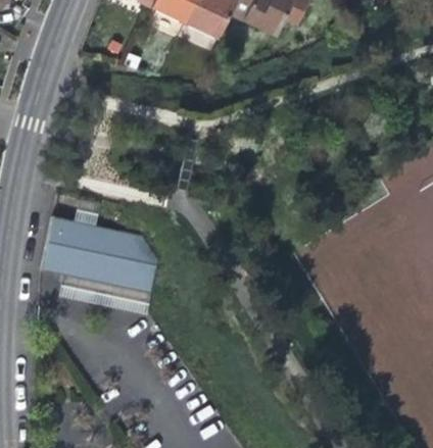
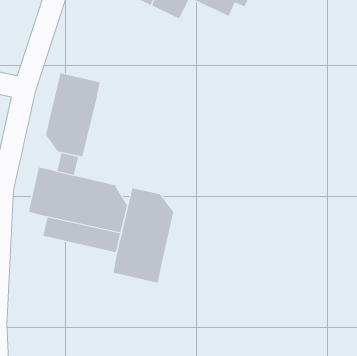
building: none -> [45,72,100,157]
building: none -> [113,188,174,283]

